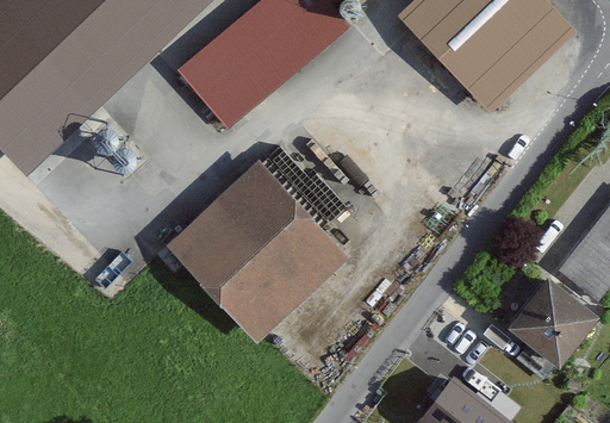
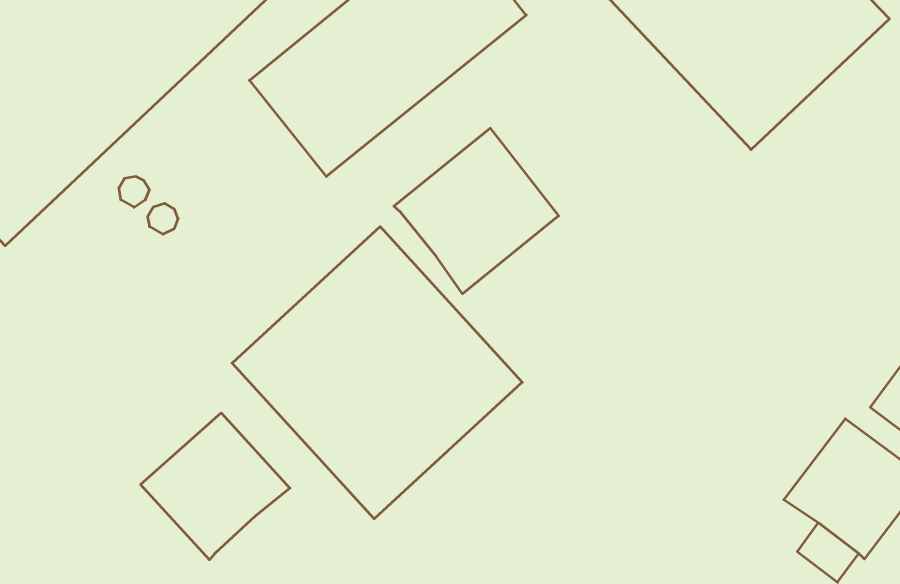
building: none -> [394,128,559,294]
building: none -> [141,413,290,560]

